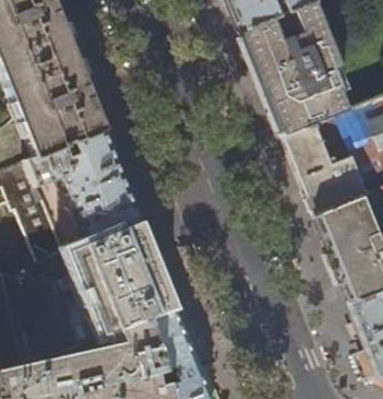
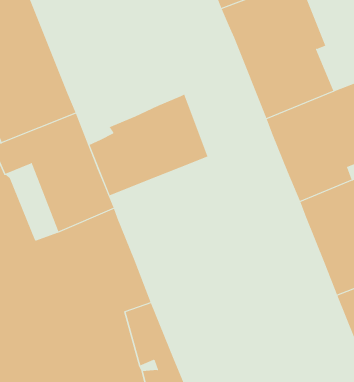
building: none -> [89,93,208,196]

